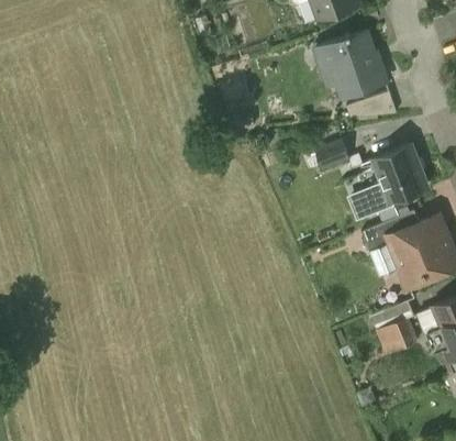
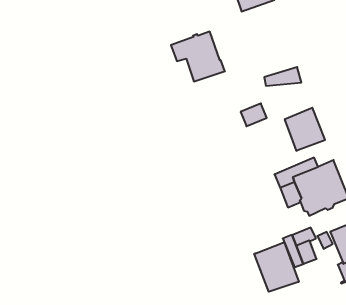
building: [316,31,387,96] -> [171,32,225,81]
building: [354,185,393,219] -> none
building: none -> [254,242,299,292]

